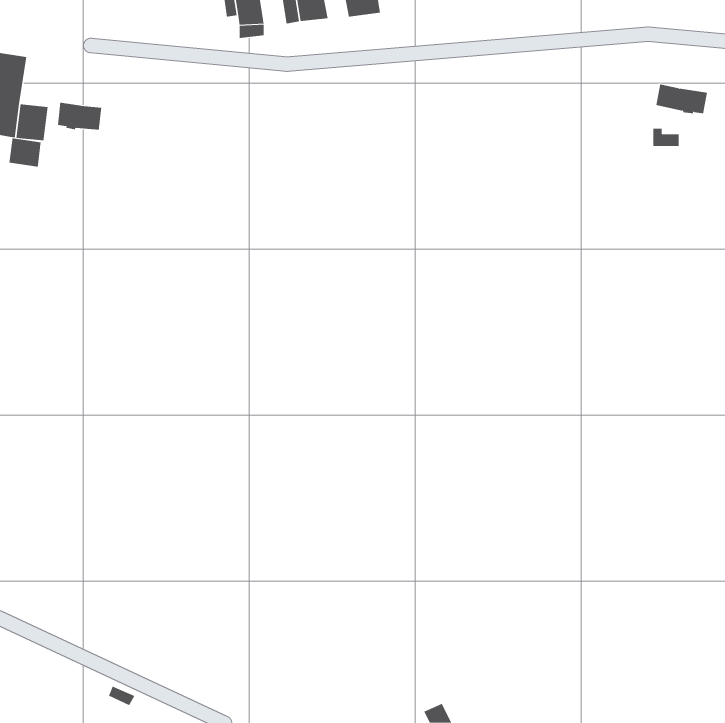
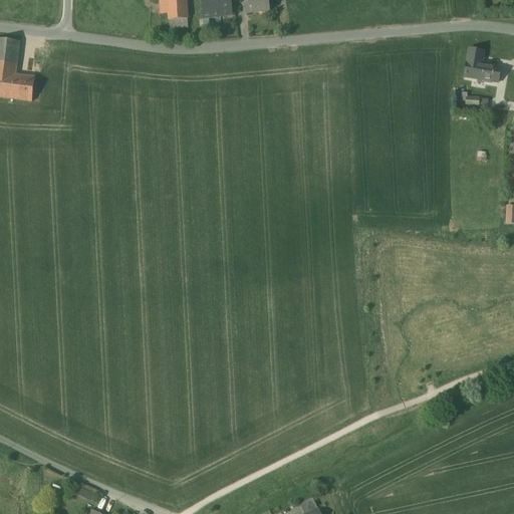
building: [57,102,102,131] -> none
building: [9,138,41,167] -> none

